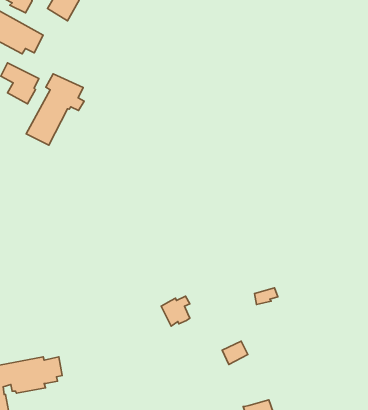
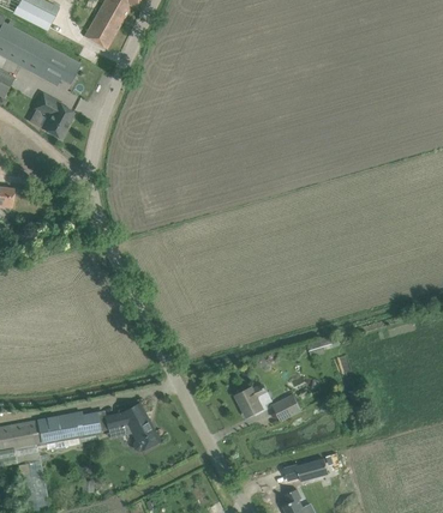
building: [26,74,84,145] -> none
building: [161,296,190,326] -> [235,384,267,416]
building: none -> [104,403,158,451]

